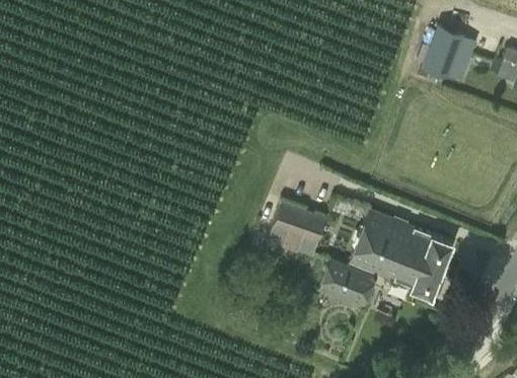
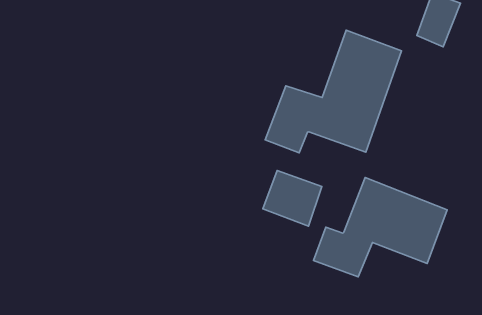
building: none -> [265,30,402,153]

